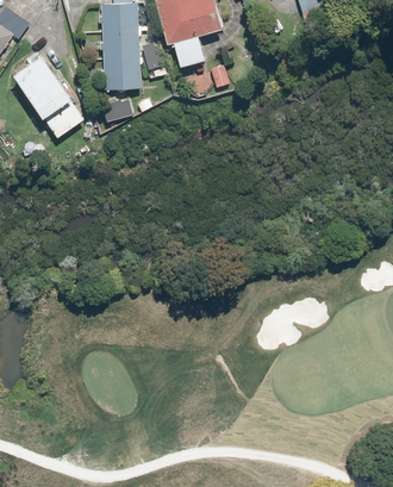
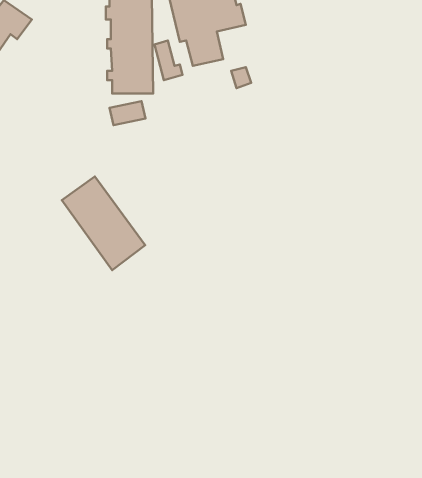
building: [12,55,87,139] -> [62,177,145,270]

